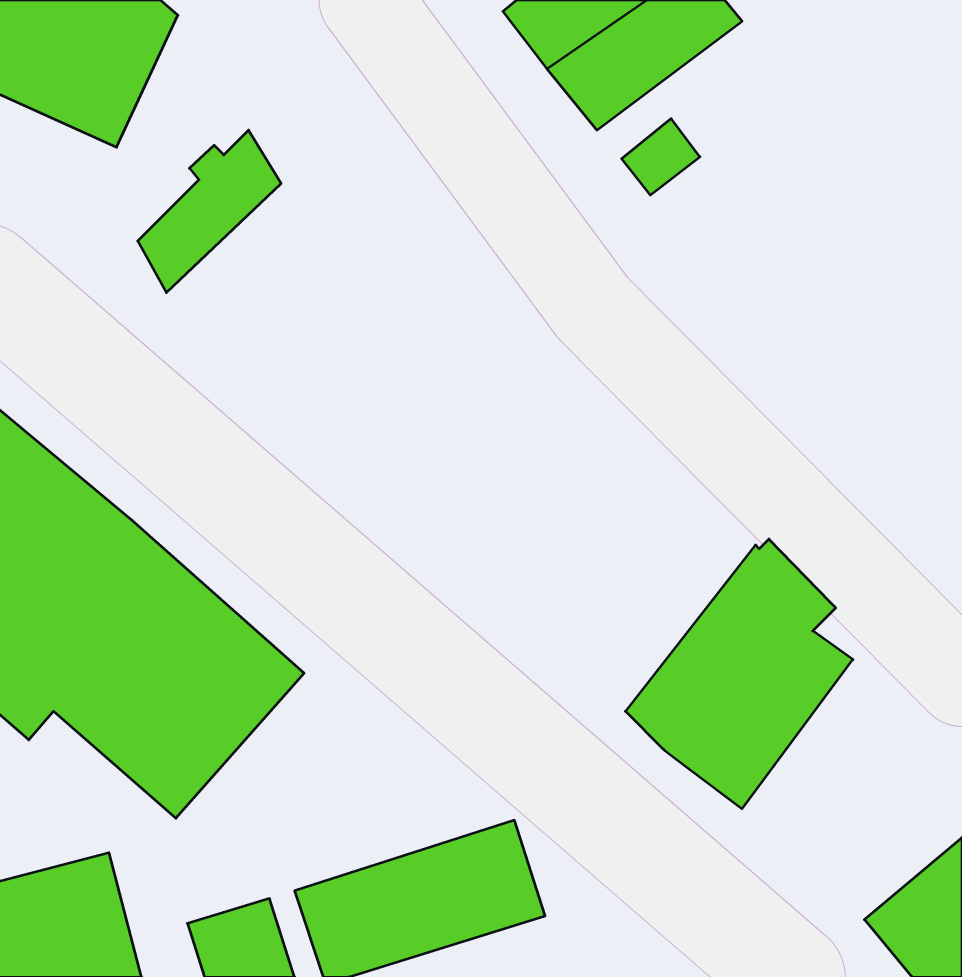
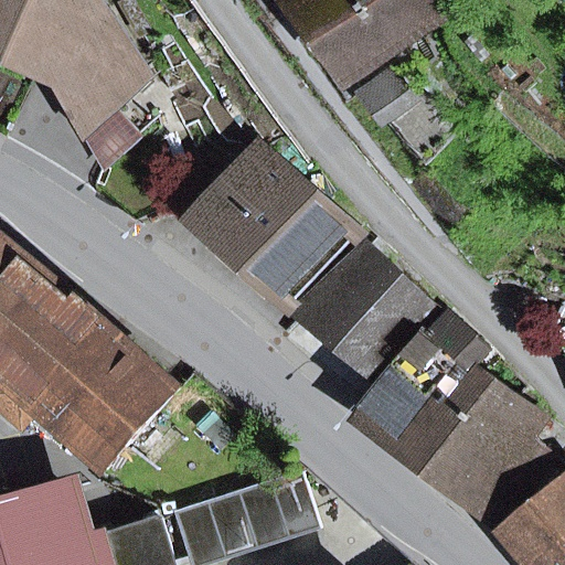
building: none -> [60,9,143,139]
building: none -> [191,152,349,306]
building: none -> [295,239,436,411]
building: none -> [428,381,550,519]

